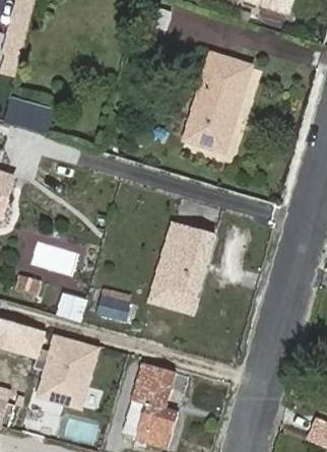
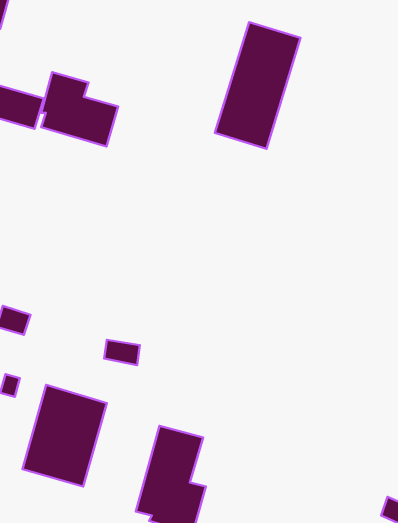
building: none -> [41,72,118,146]
building: [150,220,214,311] -> none

